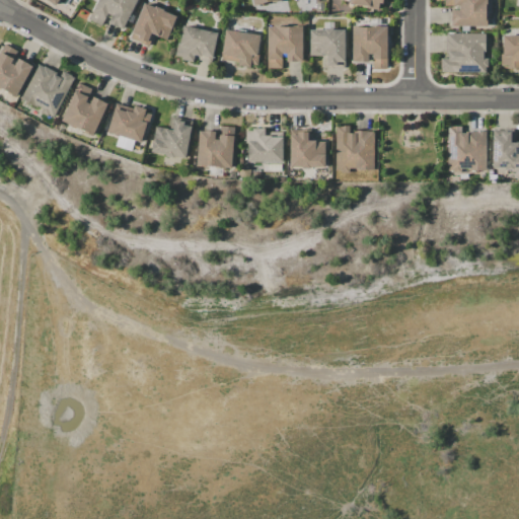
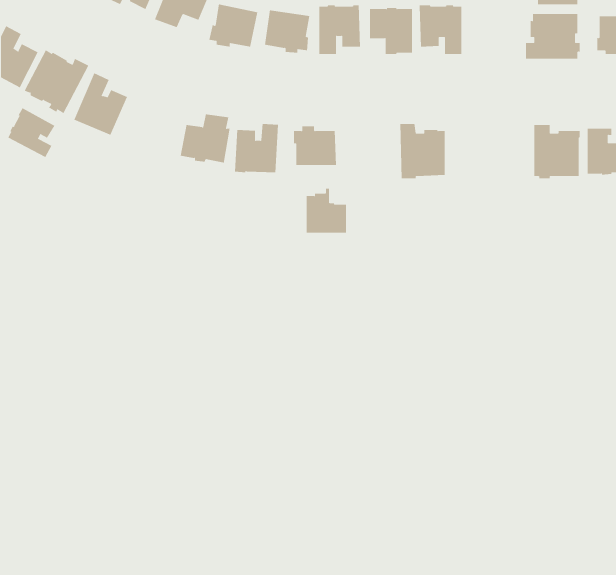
building: [107,105,151,143] -> none
building: none -> [7,107,55,158]
building: [291,129,325,166] -> [306,188,347,233]

